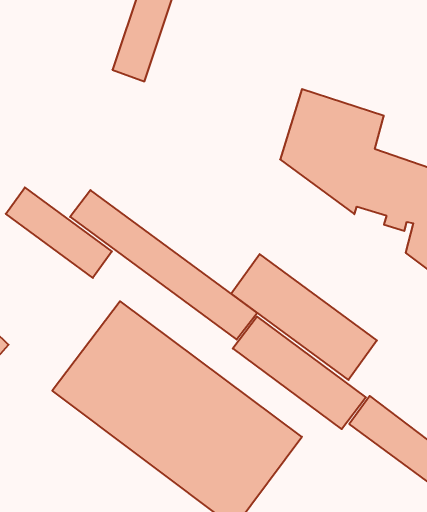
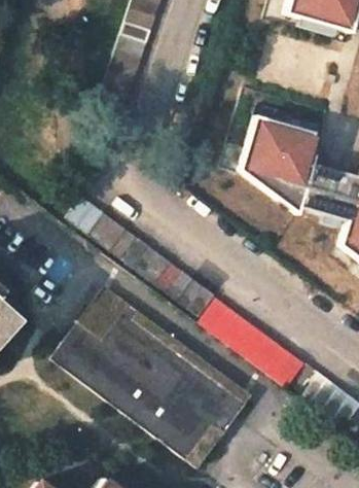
building: [6,187,112,278] -> none
building: [231,254,377,380] -> none

